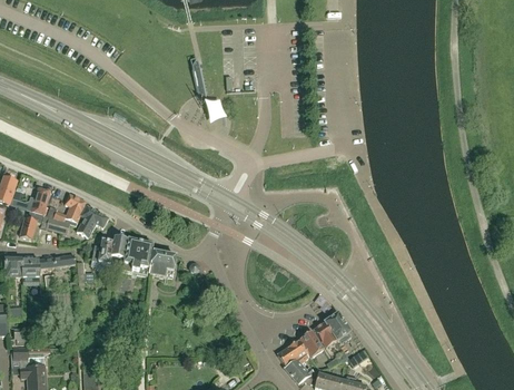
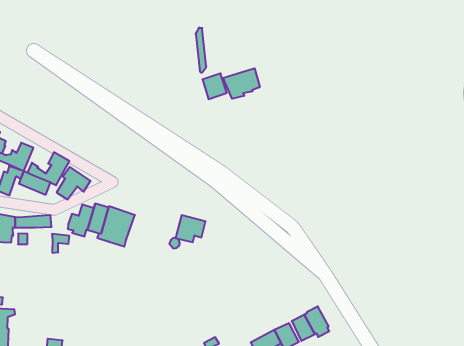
building: none -> [223,68,260,99]
building: [149,252,176,276] -> [176,215,206,242]

